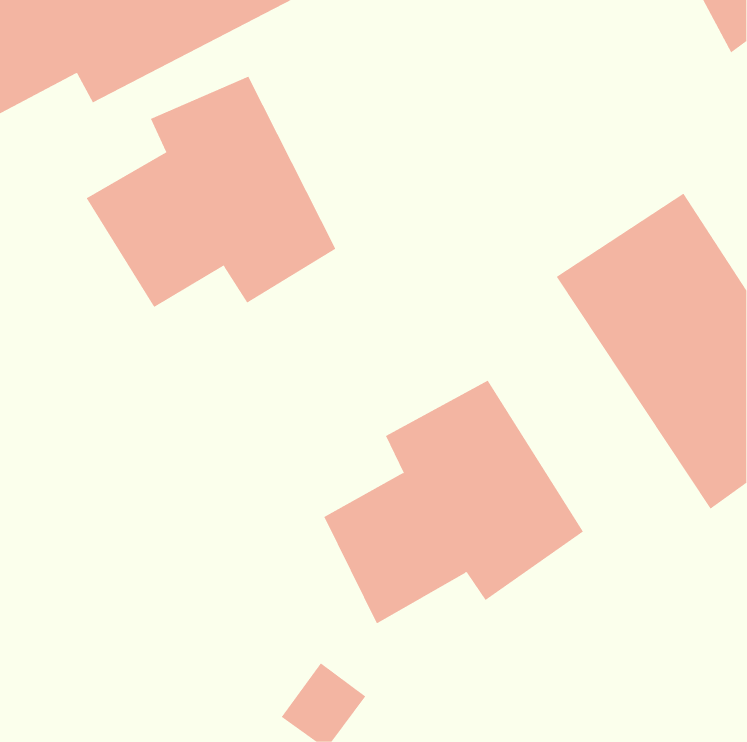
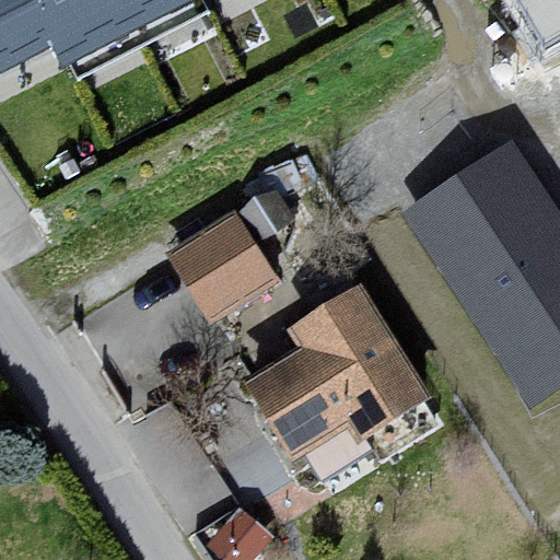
building: [86,76,336,308] -> none
building: none -> [164,214,272,322]

